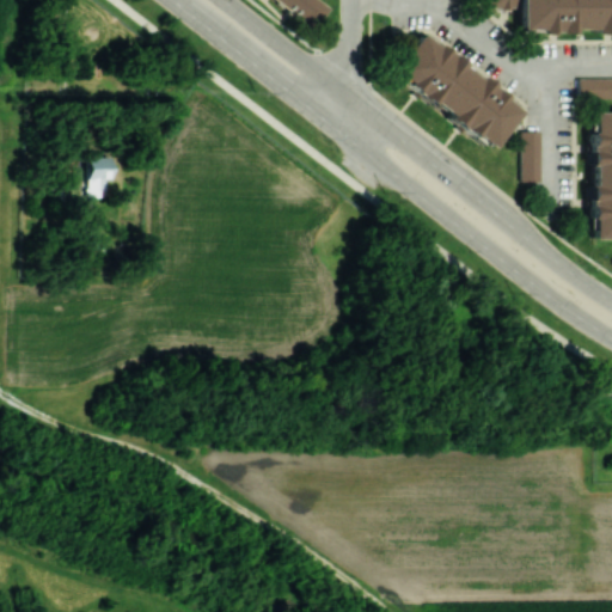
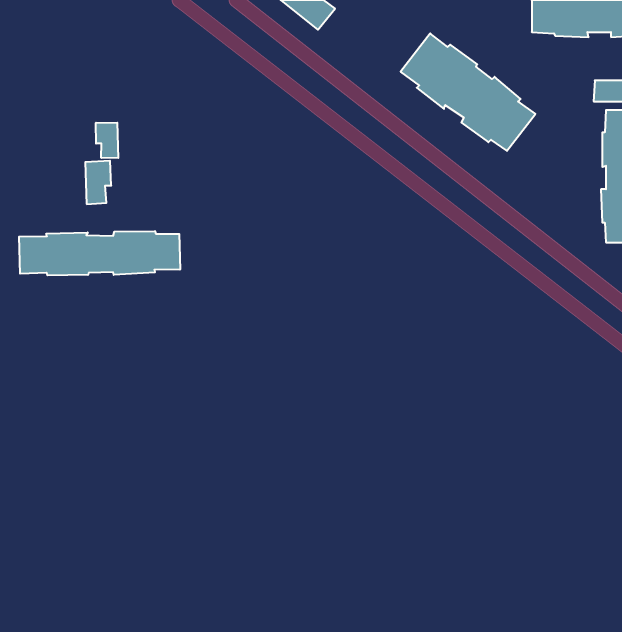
building: none -> [96,123,118,158]
building: [526,130,546,182] -> none
building: none -> [19,231,180,275]

